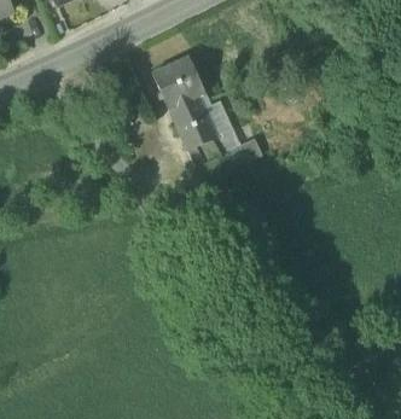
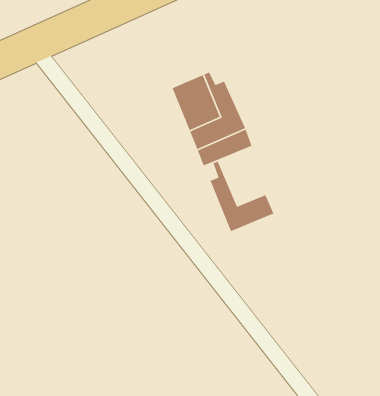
building: [152,54,204,106] -> none
building: none -> [210,160,275,232]

